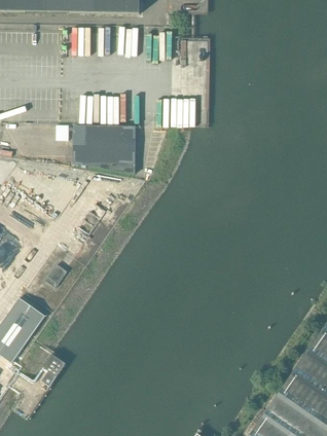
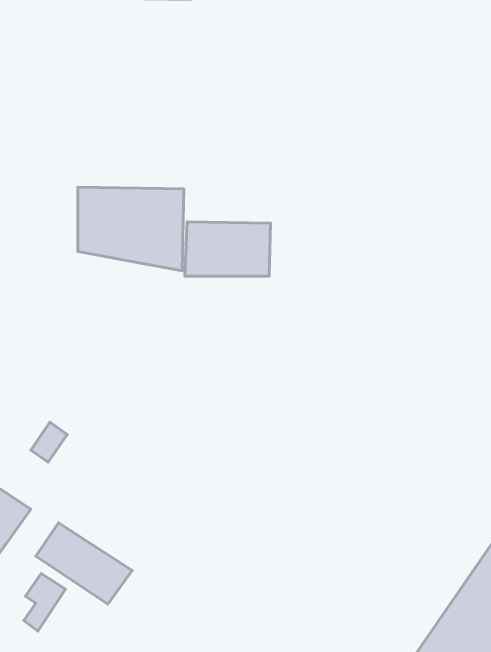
building: none -> [185,222,270,276]
building: none -> [36,523,132,604]

